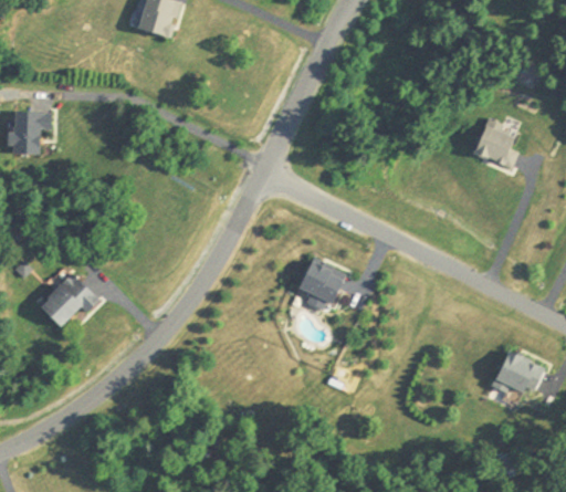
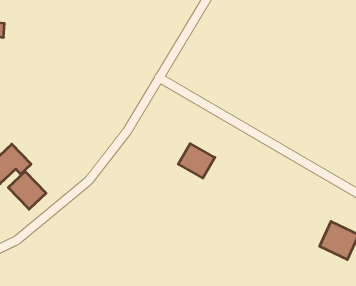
building: [473,123,518,168] -> none
building: none -> [8,171,46,209]

